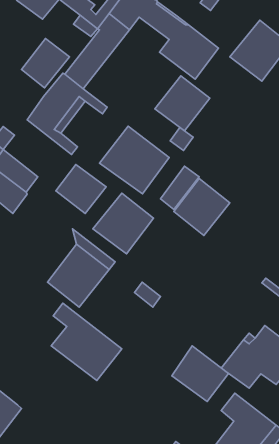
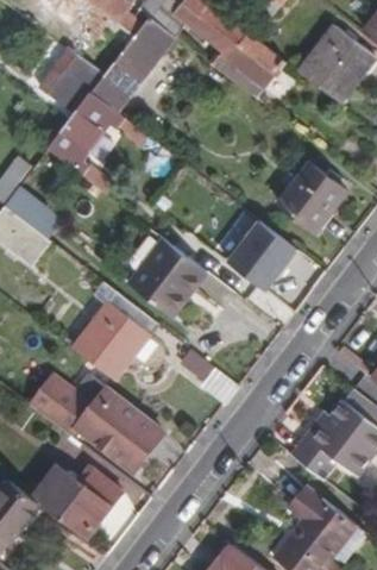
building: [155,76,210,131] -> [277,163,345,231]
building: [100,126,169,194] -> none
building: [56,165,106,213] -> none
building: none -> [30,370,96,436]
building: [172,346,228,402] -> none
building: none -> [36,465,121,537]

